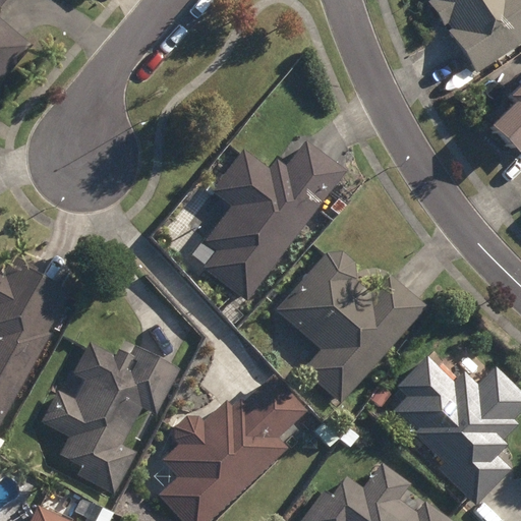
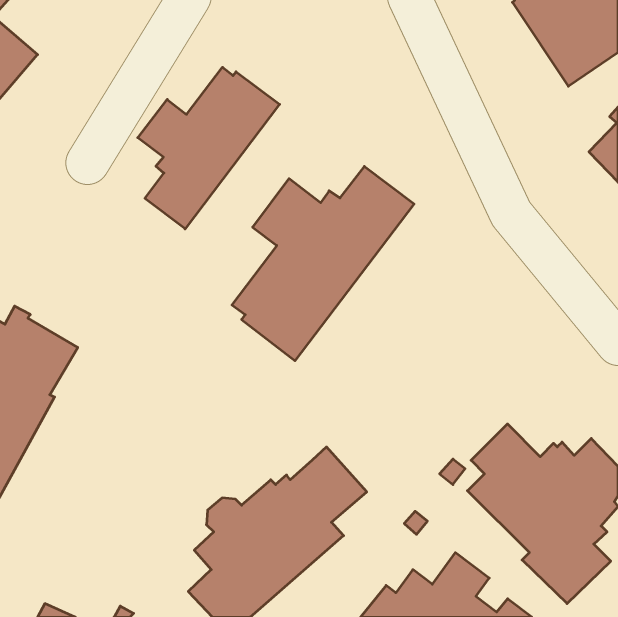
building: none -> [138,67,280,229]
building: [276,251,426,402] -> none
building: [41,342,180,496] -> none

